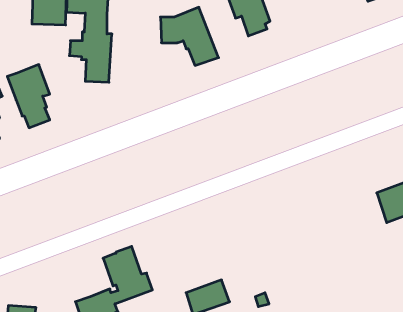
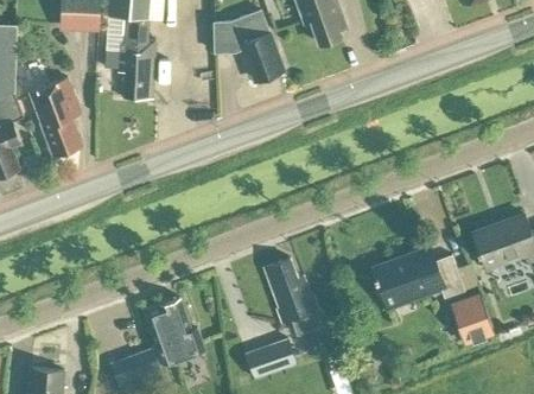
building: none -> [374,247,464,305]
building: none -> [265,258,318,333]
building: none -> [449,292,495,345]

